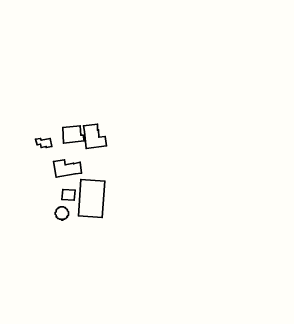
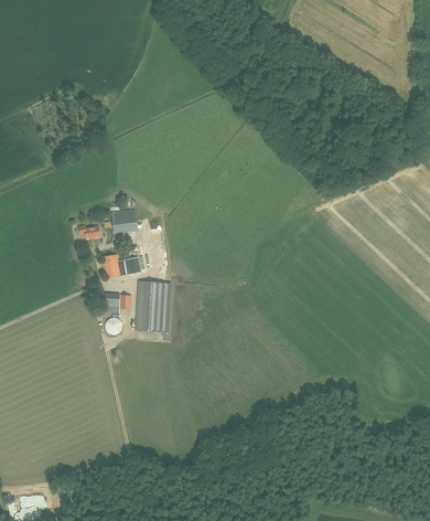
building: [84,124,106,148] -> none

